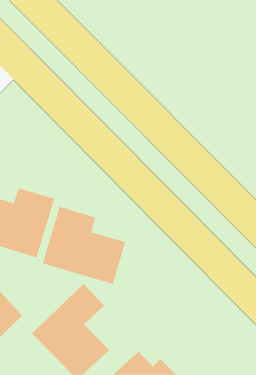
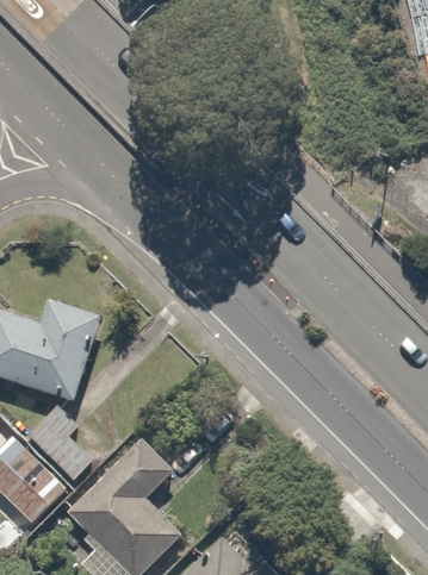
building: [42,206,126,285] -> none

